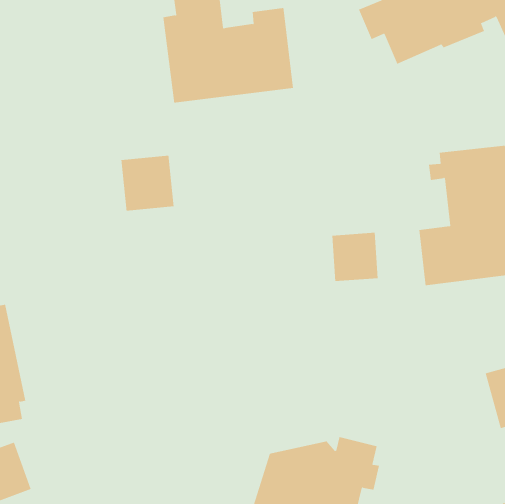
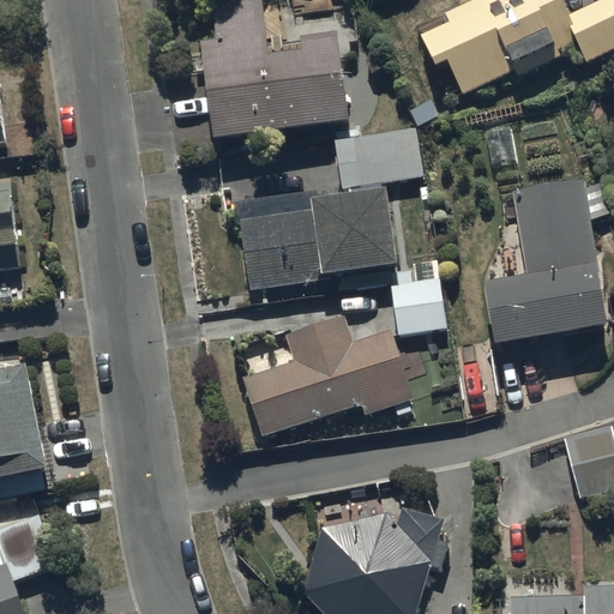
building: none -> [239,130,421,289]
building: [121,155,174,212] -> none
building: none -> [245,315,413,435]

